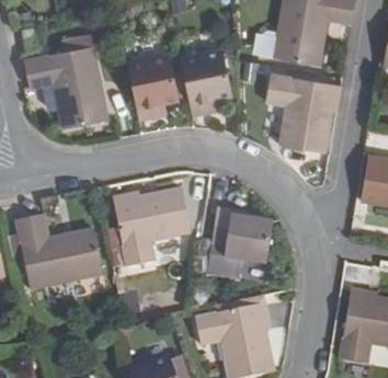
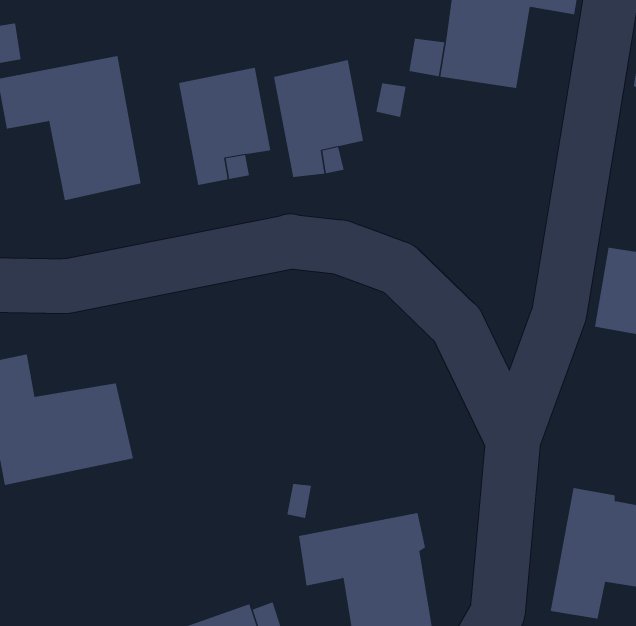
building: [266,71,343,151] -> none
building: [112,190,187,267] -> none
building: [205,208,271,280] -> none

